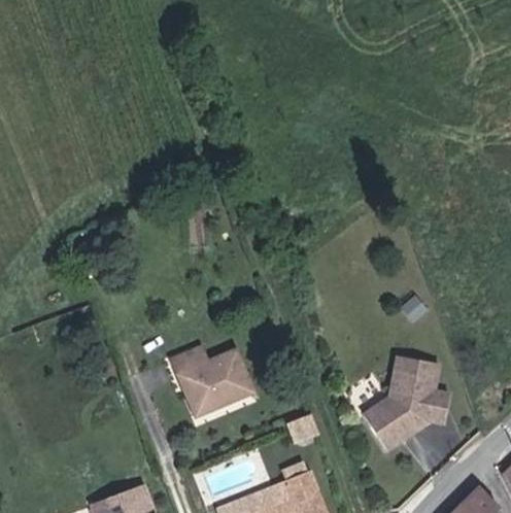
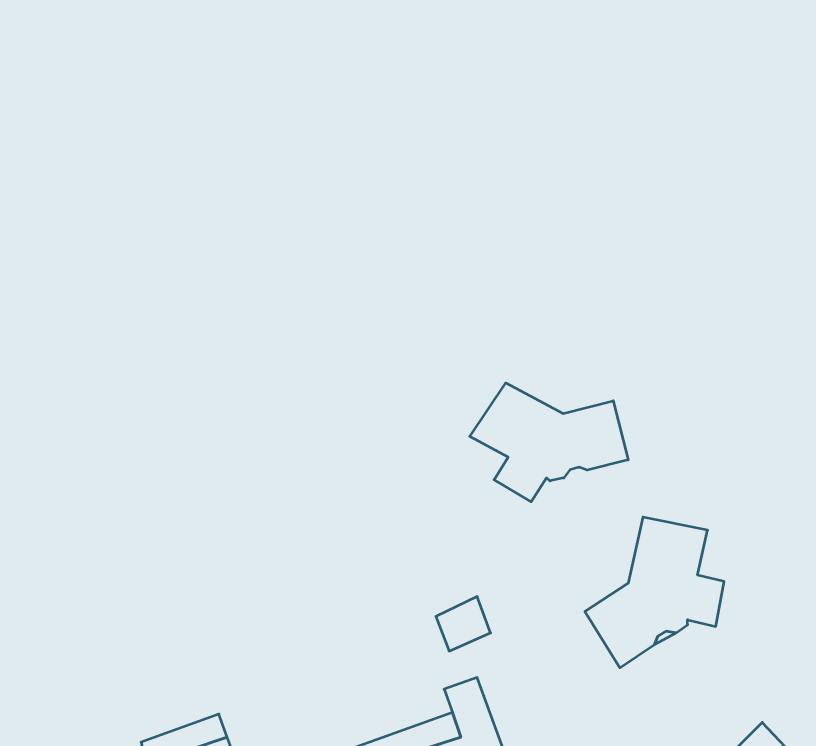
building: none -> [470,383,628,502]
building: [169,343,249,411] -> none

